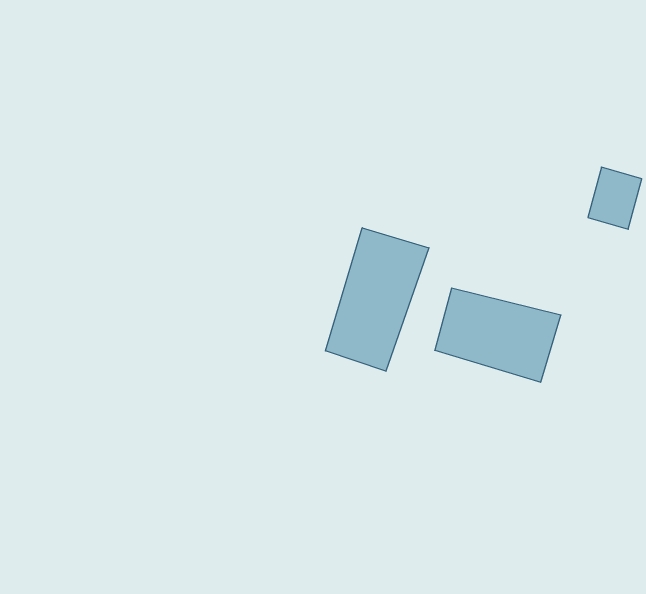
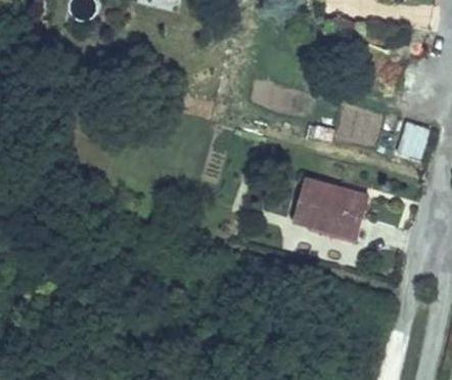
building: [325,228,429,371] -> none

